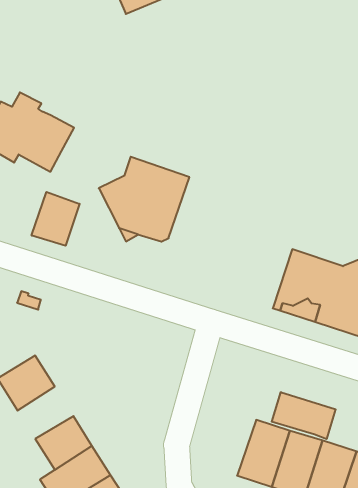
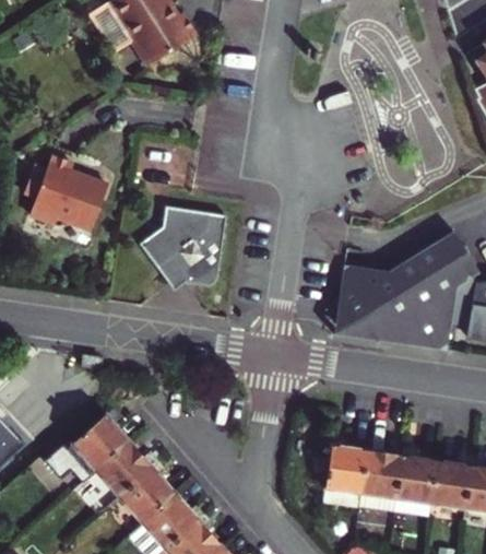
building: [32,192,80,246] -> none
building: none -> [96,443,152,497]
building: [272,392,336,439] -> none

